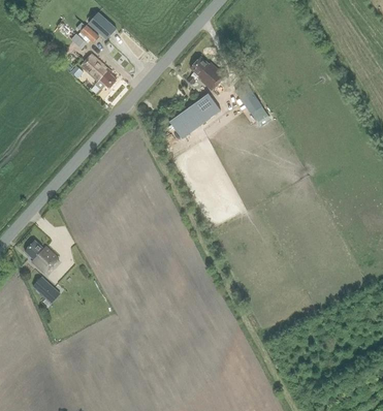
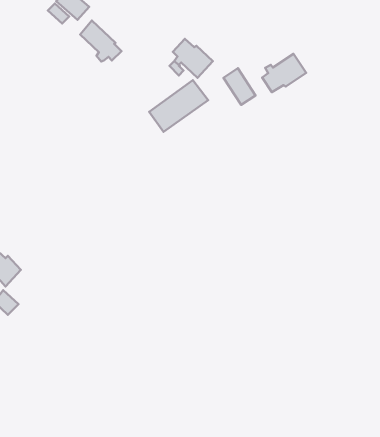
building: [81,53,117,89] -> [80,20,121,62]
building: none -> [262,54,306,92]

